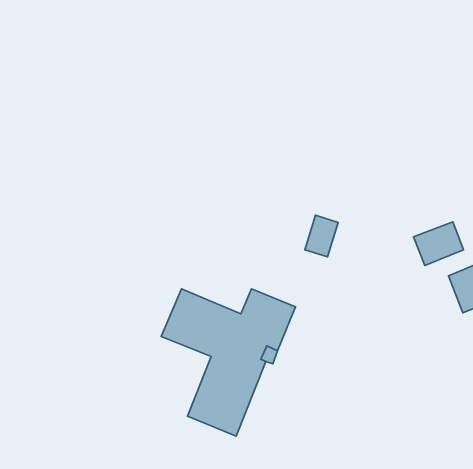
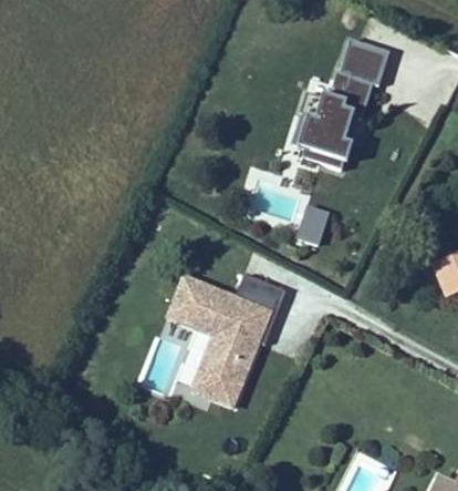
building: none -> [301,38,391,168]
building: [414,222,463,266] -> none

